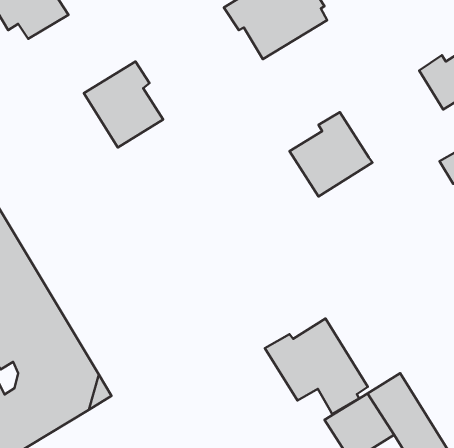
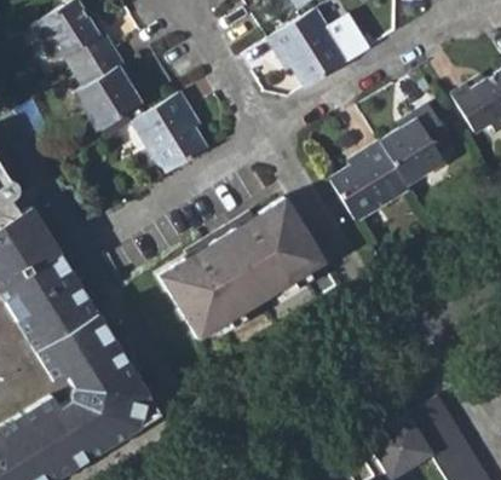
building: none -> [77,46,142,127]
building: none -> [378,102,451,183]
building: none -> [156,195,323,337]
building: [265,318,368,414] -> none

